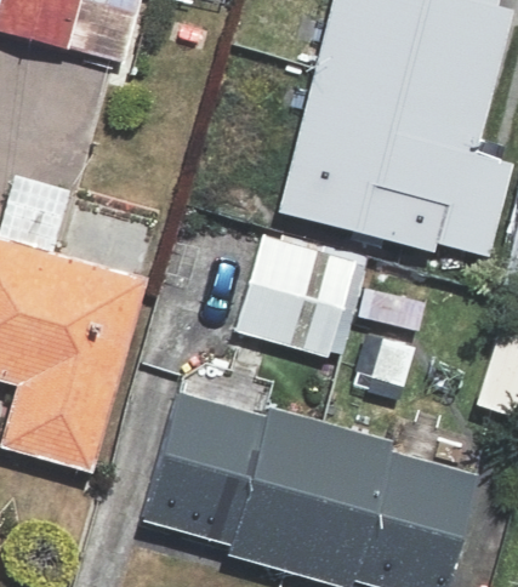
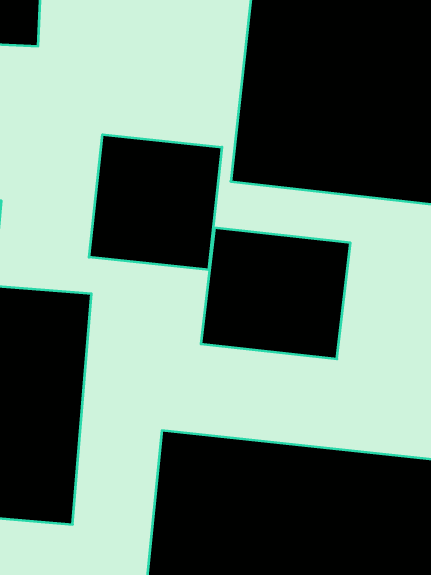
building: none -> [89,135,222,270]

